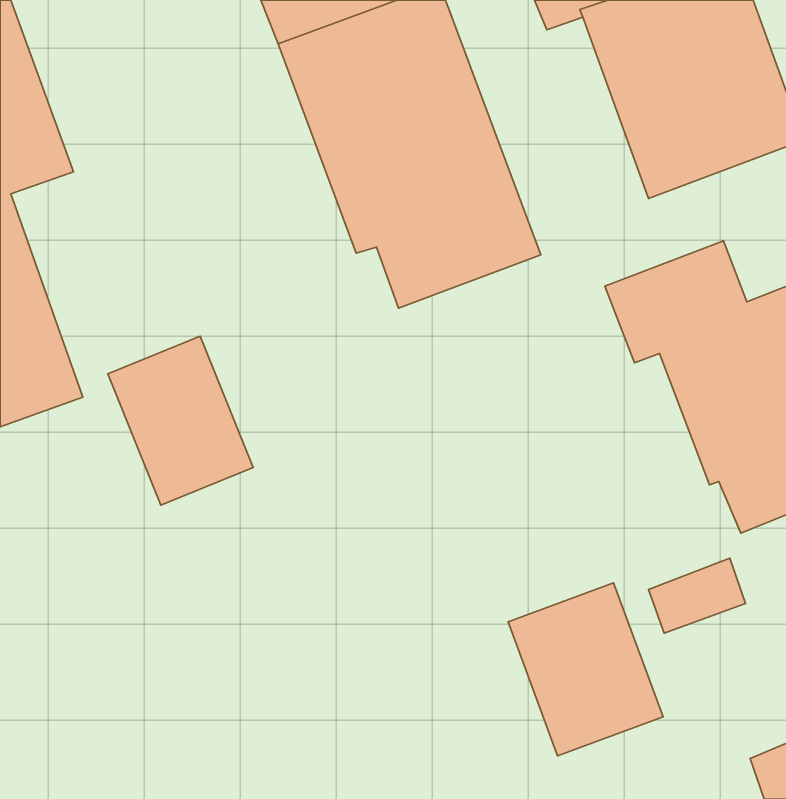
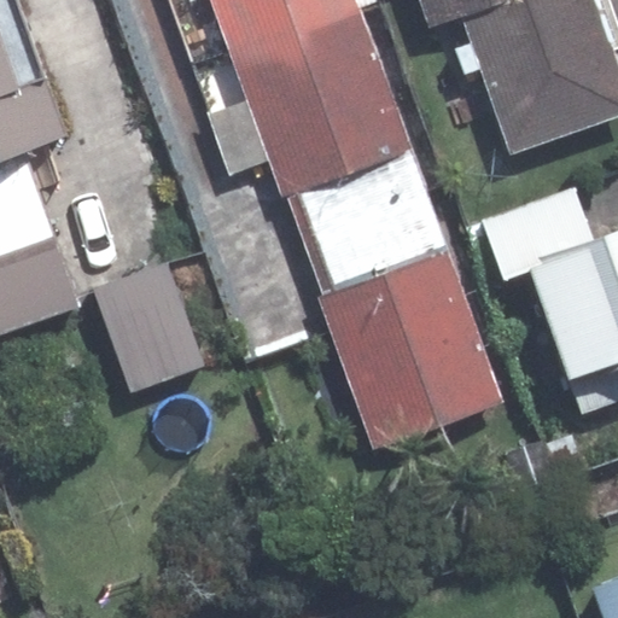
building: none -> [317,197,503,449]
building: [508,583,663,756] -> none

